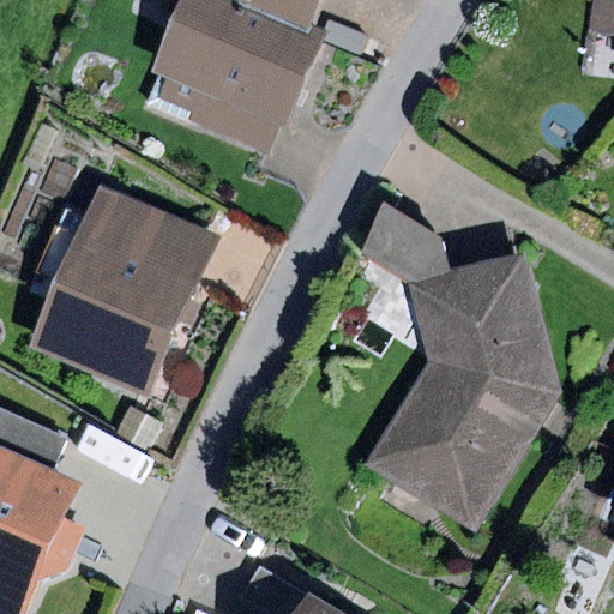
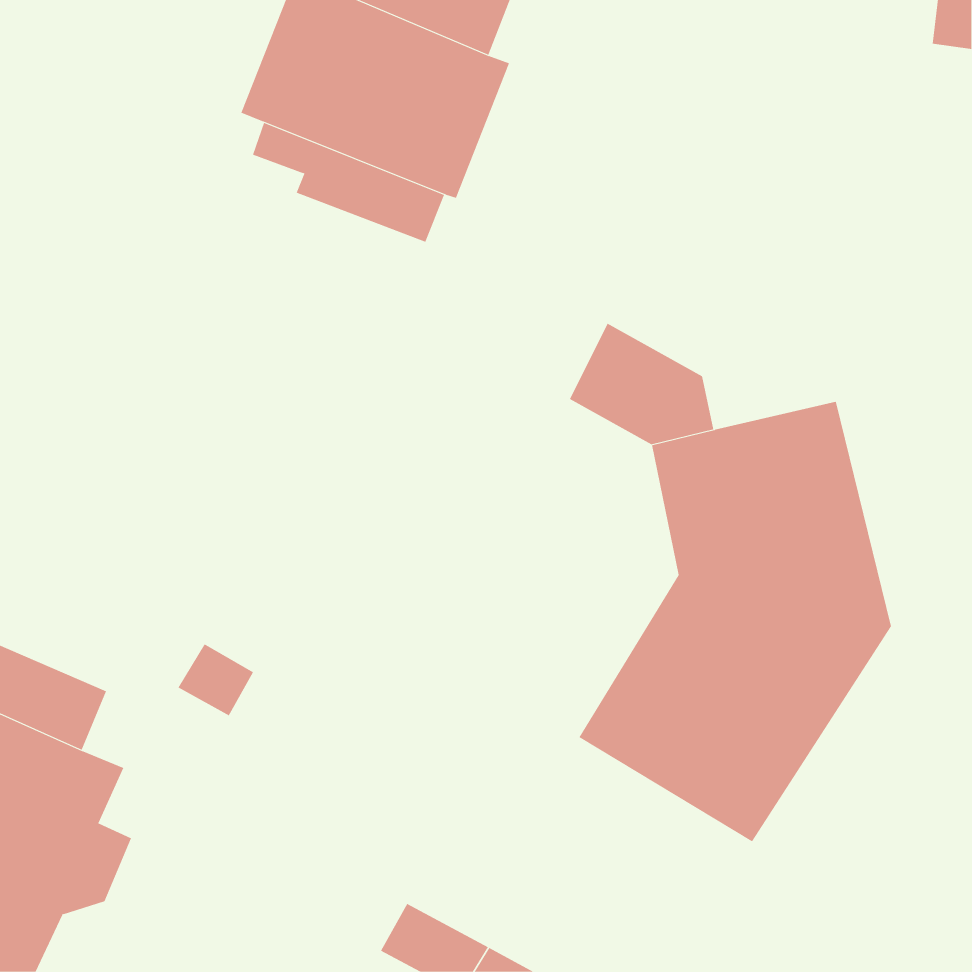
building: [30,188,217,397] -> none

